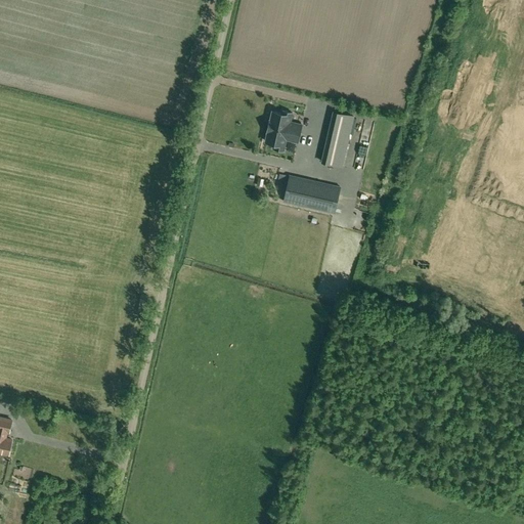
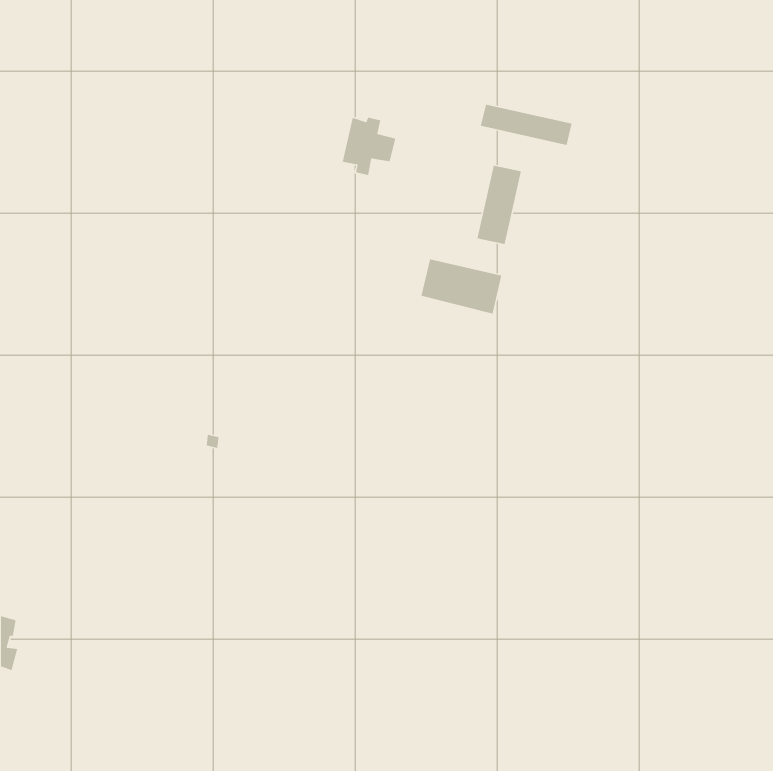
building: none -> [480,104,573,146]
building: [265,112,302,151] -> [342,117,396,176]

